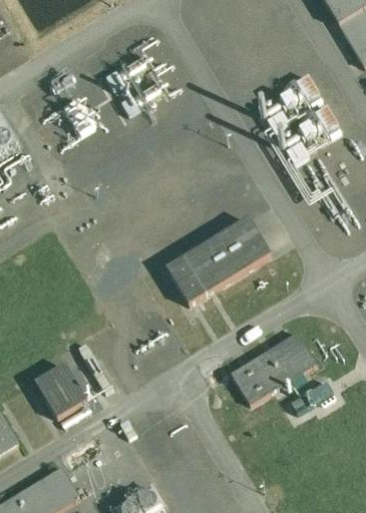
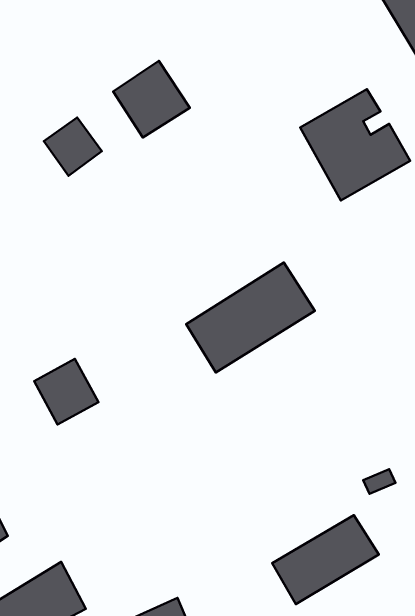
building: [234,336,320,408] -> [272,515,379,604]
building: [36,365,88,418] -> [34,359,98,424]

